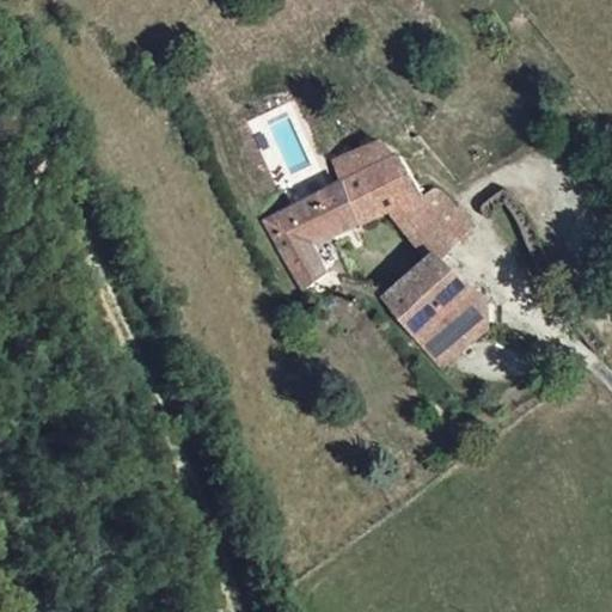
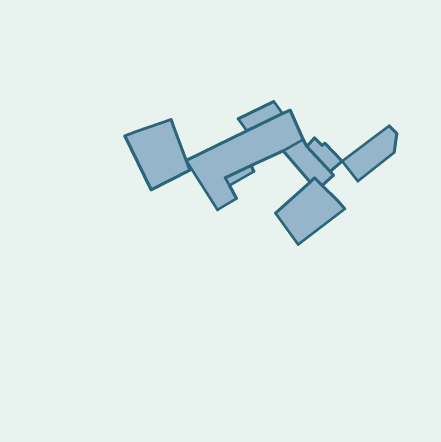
building: none -> [125,119,190,190]
building: [411,288,486,365] -> [342,126,397,181]

